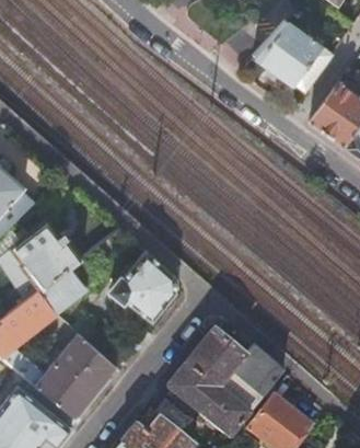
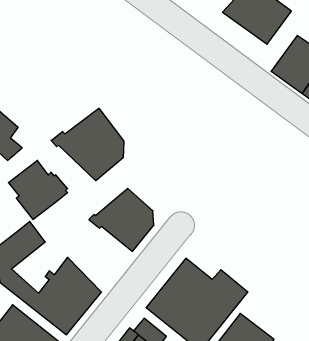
building: none -> [51,108,124,181]
building: [36,268,84,314] -> none

